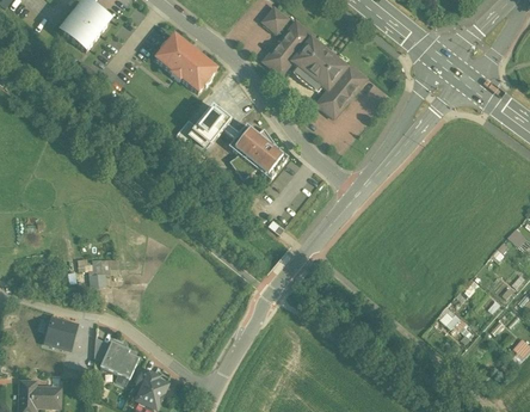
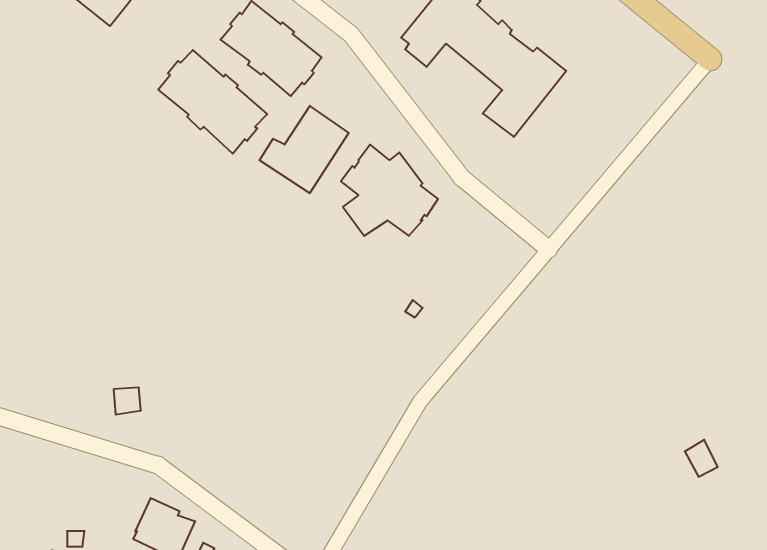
building: none -> [158,50,267,154]
building: [44,316,74,345] -> none

